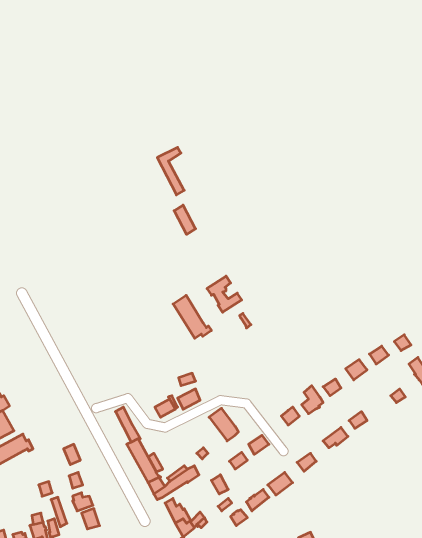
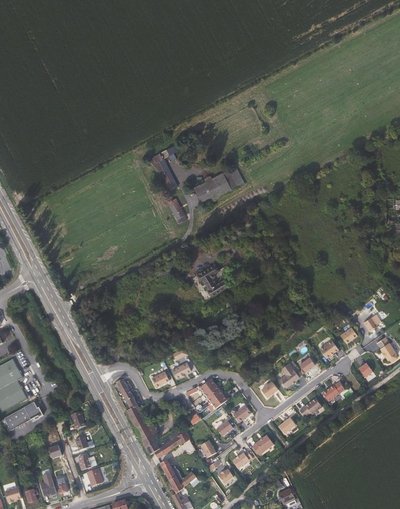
building: none -> [196,166,246,204]
building: [173,295,211,338] -> none

